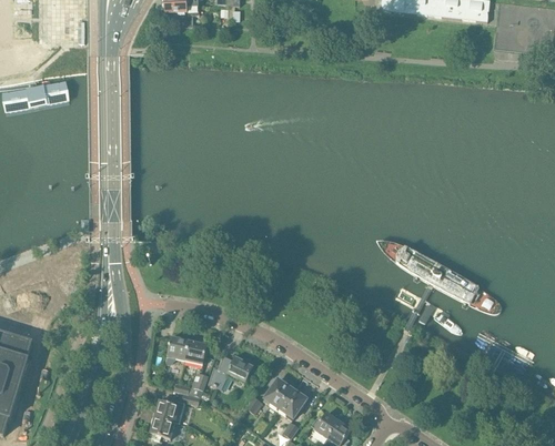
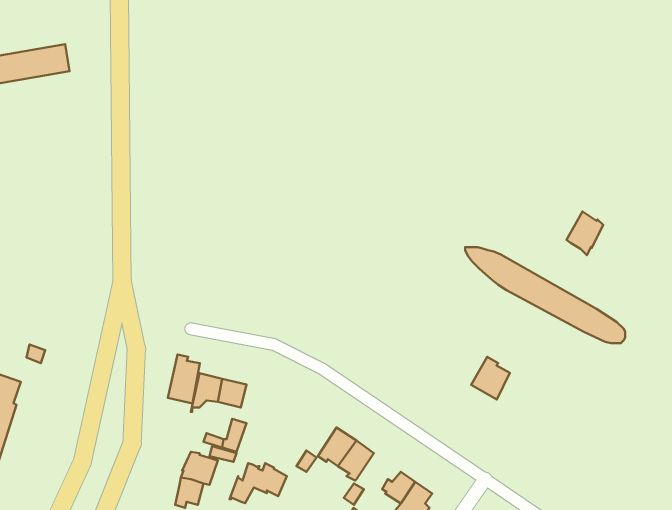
building: none -> [566,212,603,255]
building: none -> [168,355,200,404]
building: none -> [471,357,510,400]
building: [206,356,251,387] -> [230,463,287,503]

